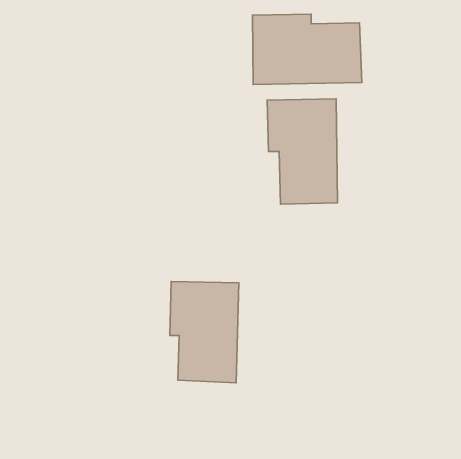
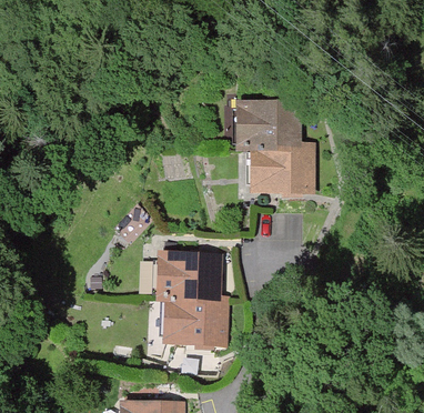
building: [252,14,362,85] -> none

